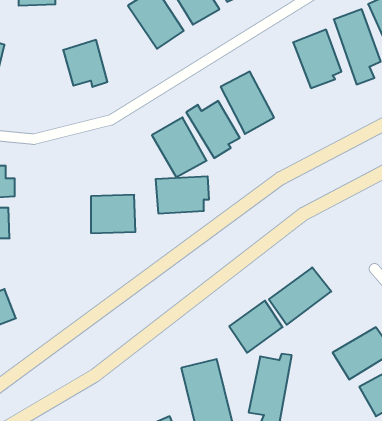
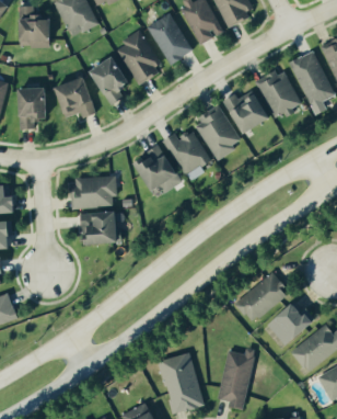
building: none -> [92,57,130,102]
building: none -> [19,87,48,128]
building: none -> [225,88,269,133]
building: [156,176,209,213] -> [70,175,116,207]
building: [229,301,283,353] -> [267,301,313,346]

